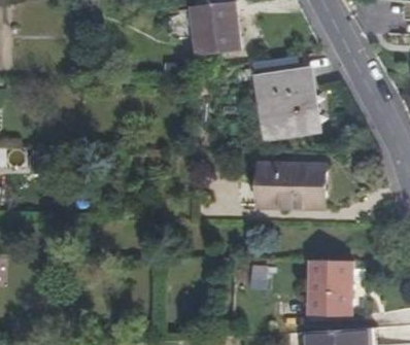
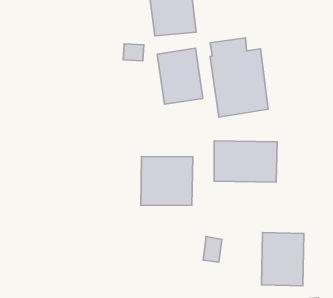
building: none -> [157,48,203,104]
building: none -> [141,156,193,206]

